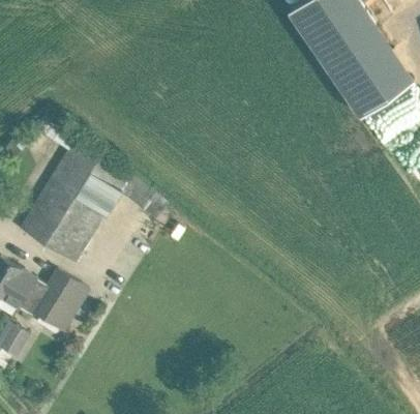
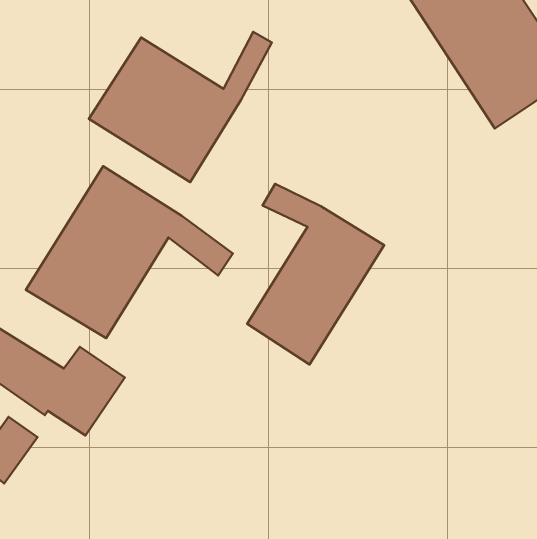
building: none -> [89,32,272,182]
building: none -> [247,184,384,365]

